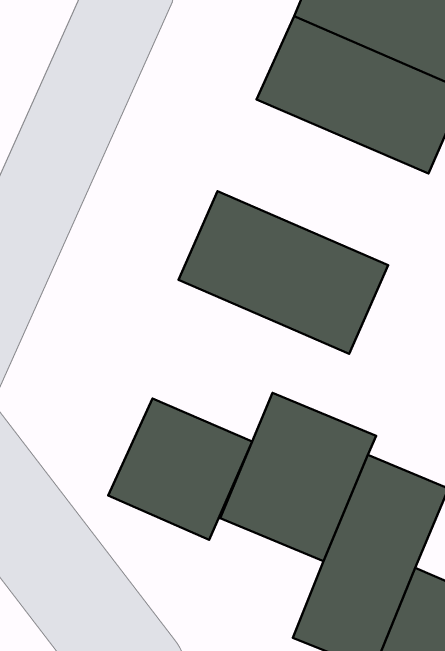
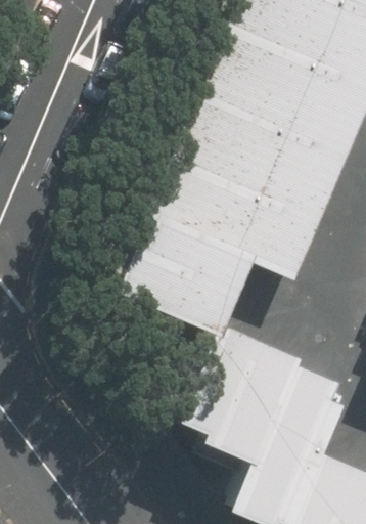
building: none -> [175,94,335,220]
building: [108,399,252,540] -> [111,231,221,339]

